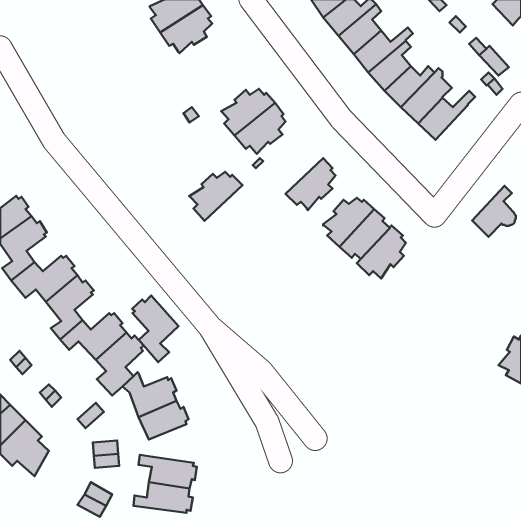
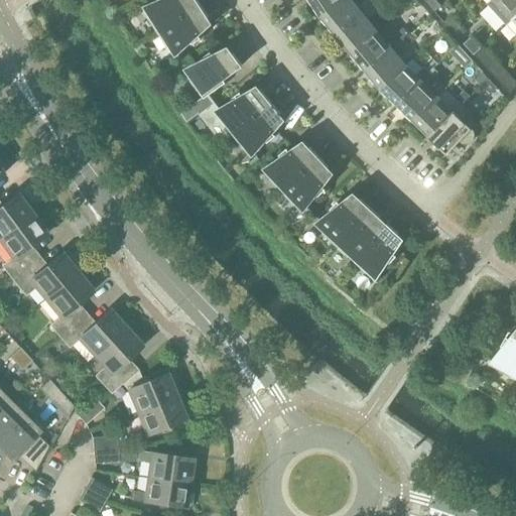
building: none -> [188,48,242,98]
building: [189,172,242,221] -> [267,143,319,191]
building: [472,186,516,237] -> [430,104,474,154]
building: [132,295,179,362] -> none

